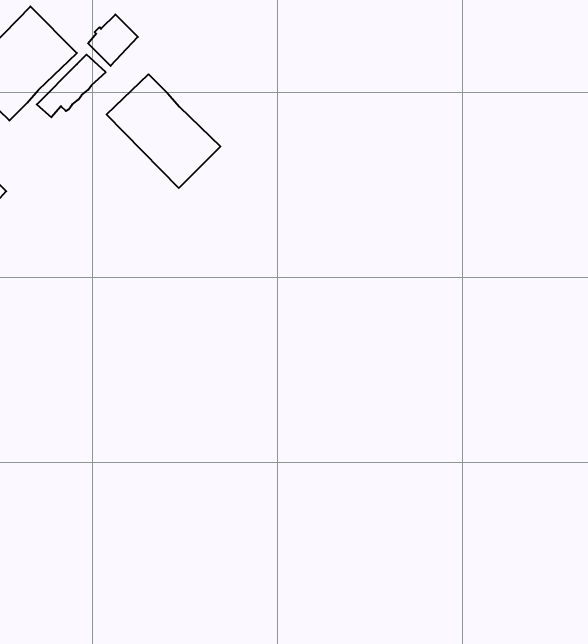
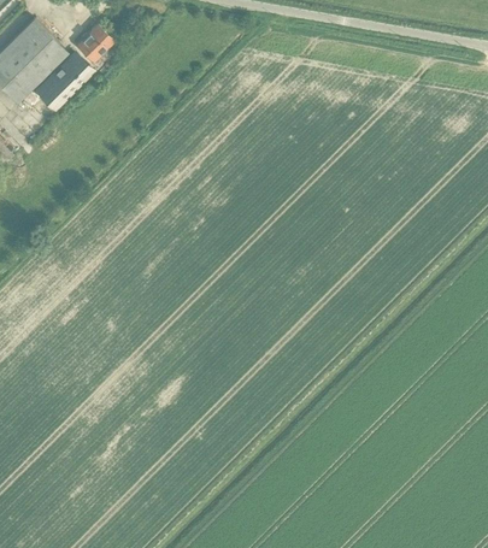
building: [107,74,220,188] -> none

